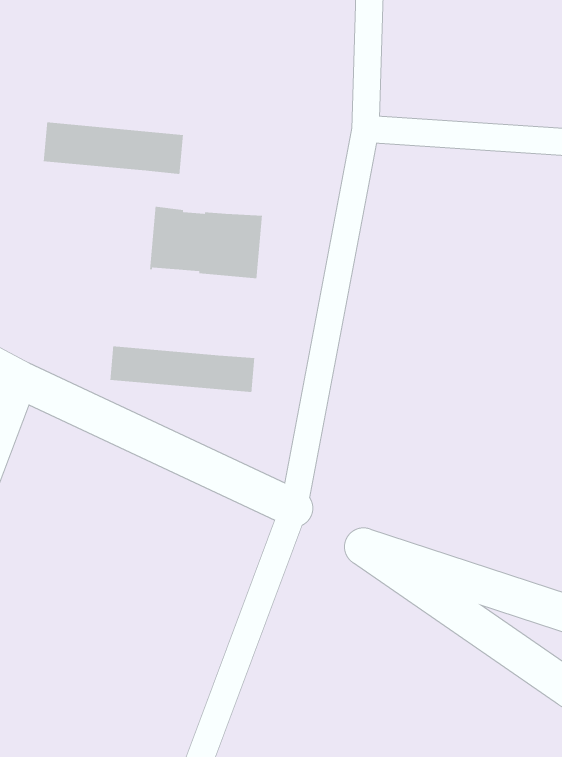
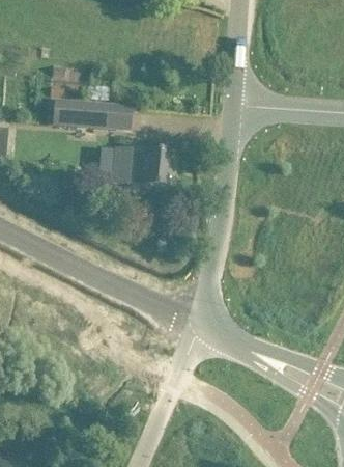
building: [109,345,255,393] -> none

